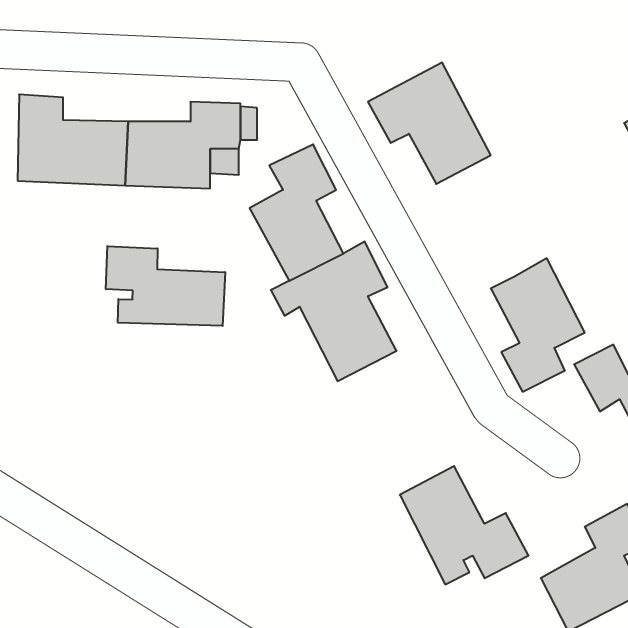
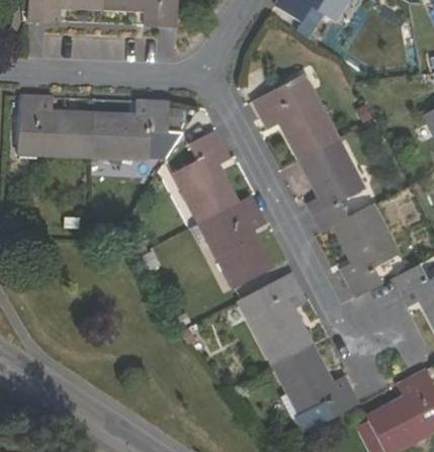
building: none -> [297,137,361,232]
building: [106,246,225,326] -> none
building: none -> [239,271,310,363]

